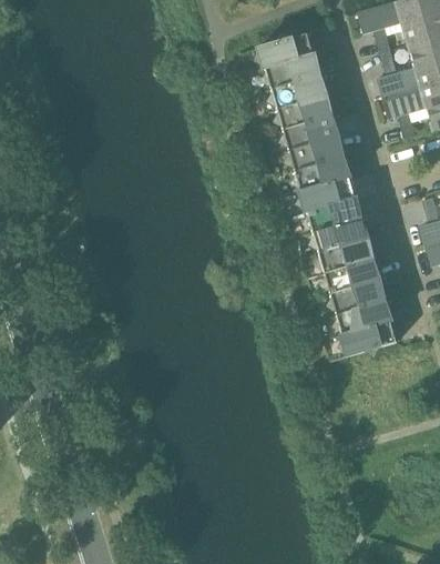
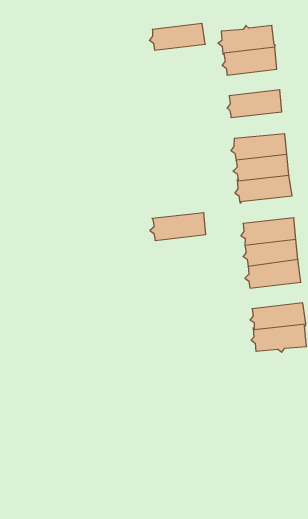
building: [272,73,327,108] -> [149,23,205,50]
building: [284,114,339,149] -> none
building: [307,195,362,231] -> [150,213,206,240]
building: [331,279,386,313] -> none

